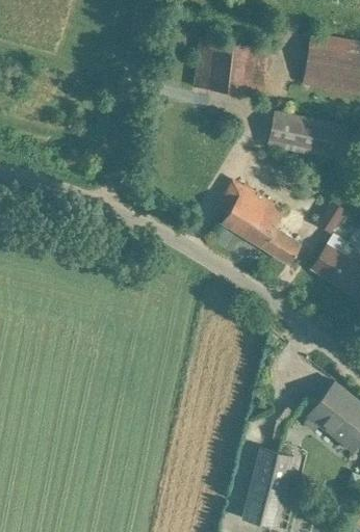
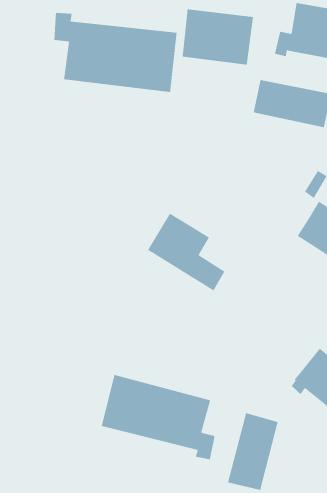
building: none -> [54,12,177,93]
building: [222,186,301,265] -> [147,213,225,291]
building: none -> [101,374,215,460]

